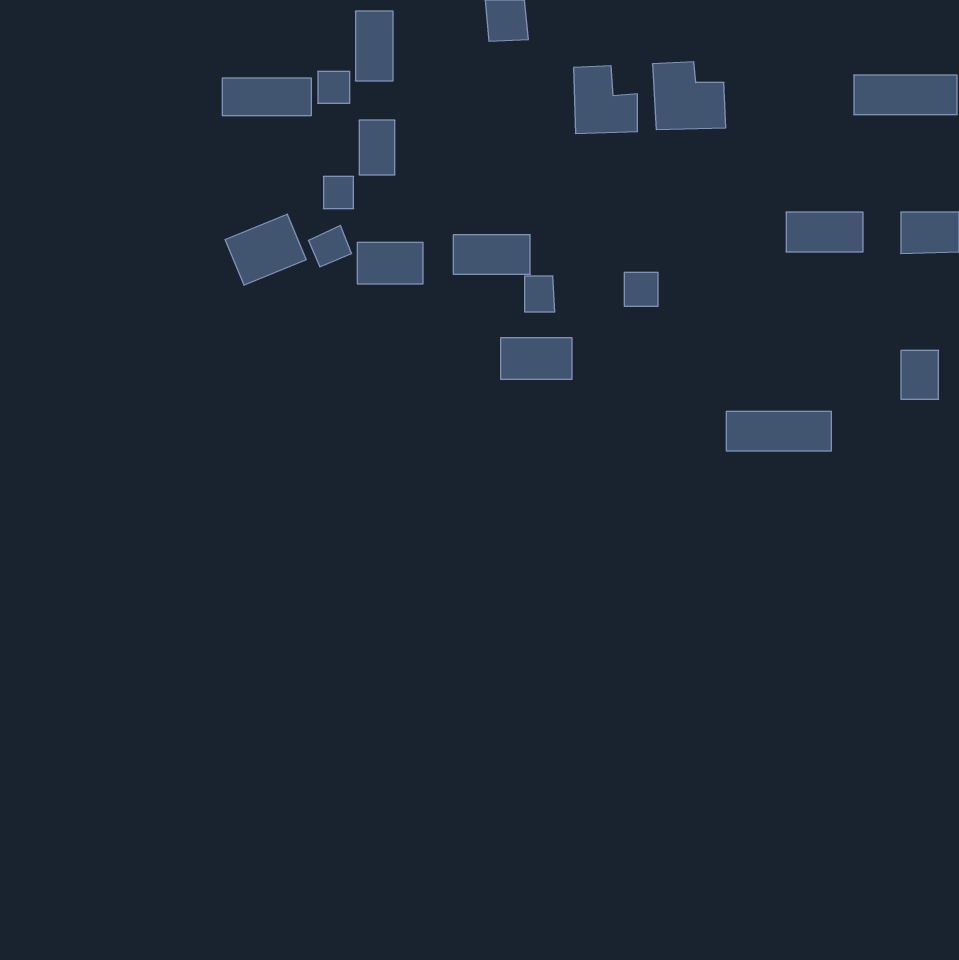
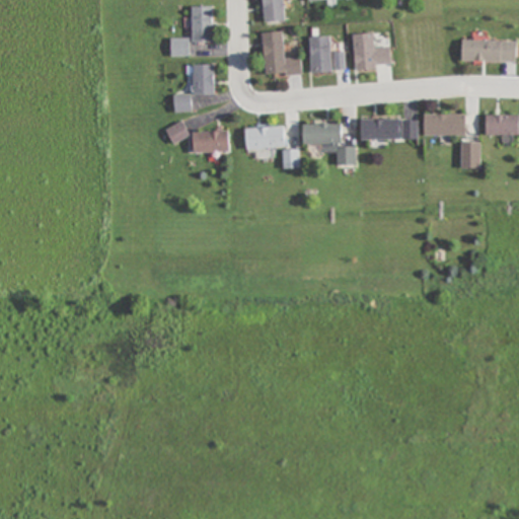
building: none -> [263,31,302,77]
building: [222,78,311,116] -> none
building: [225,214,306,285] -> none
building: [501,338,572,379] -> [302,123,341,145]
building: [901,350,939,399] -> [460,142,480,168]
building: [726,411,831,451] -> [361,120,418,141]

